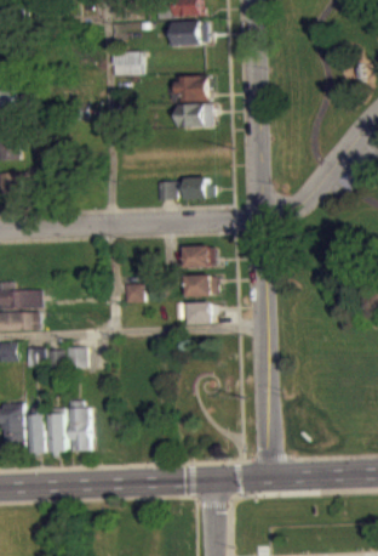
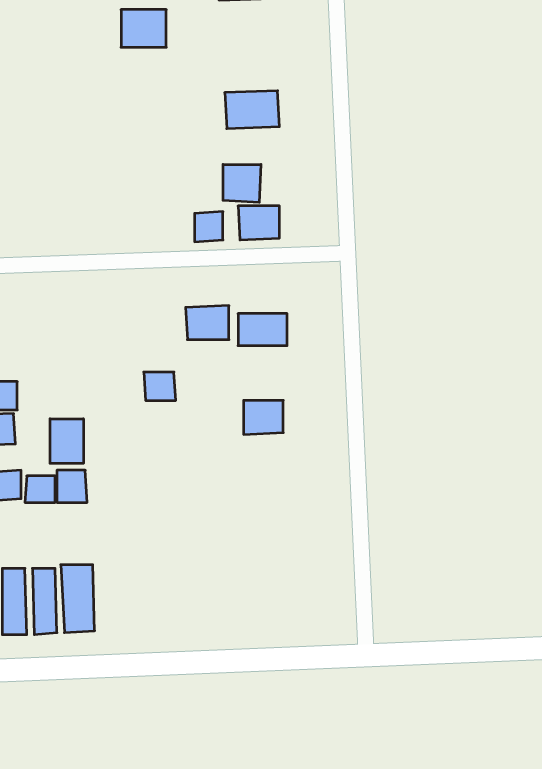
building: [172,78,206,103] -> none
building: none -> [223,164,261,202]
building: [182,276,210,297] -> [186,306,229,340]
building: none -> [50,419,83,463]

